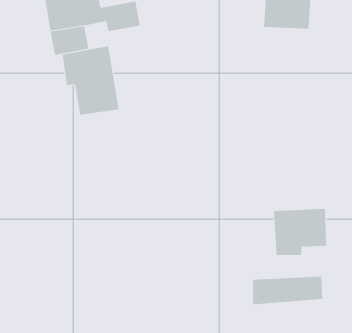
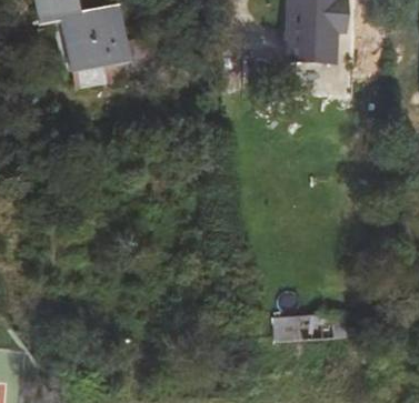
building: [62,46,119,115] -> none
building: [273,208,326,256] -> none

